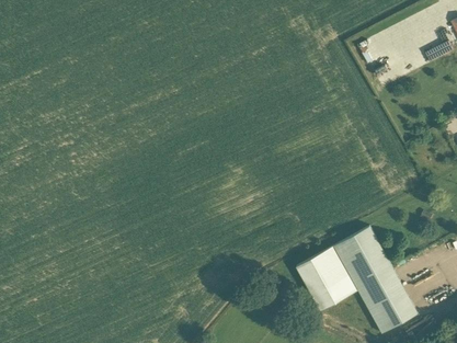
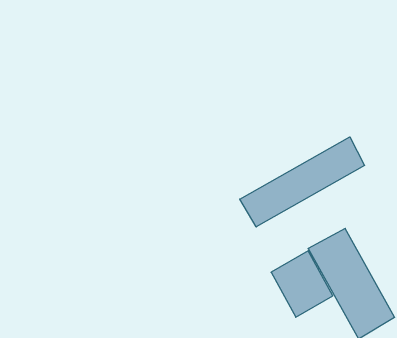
building: none -> [240,137,365,227]

